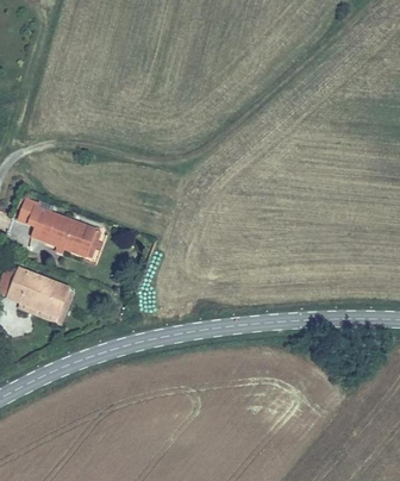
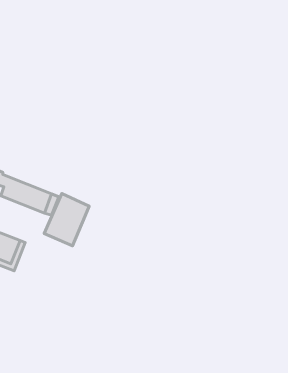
building: none -> [44,194,89,246]

